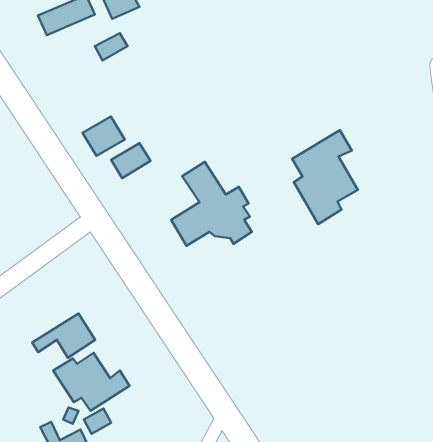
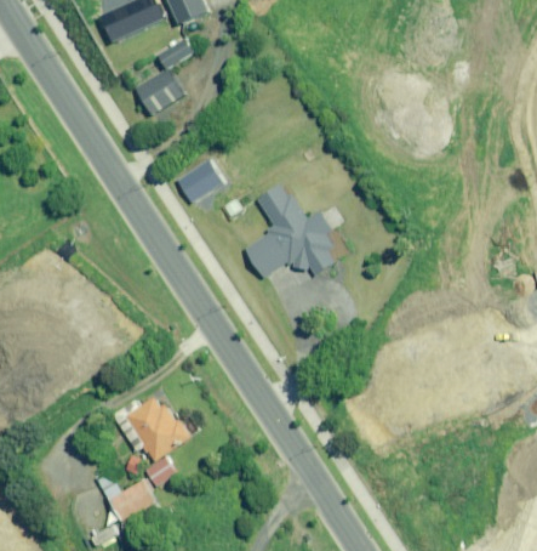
building: [82,116,125,156] -> [136,70,183,114]
building: [292,130,358,224] -> none
building: [32,314,95,358] -> none

